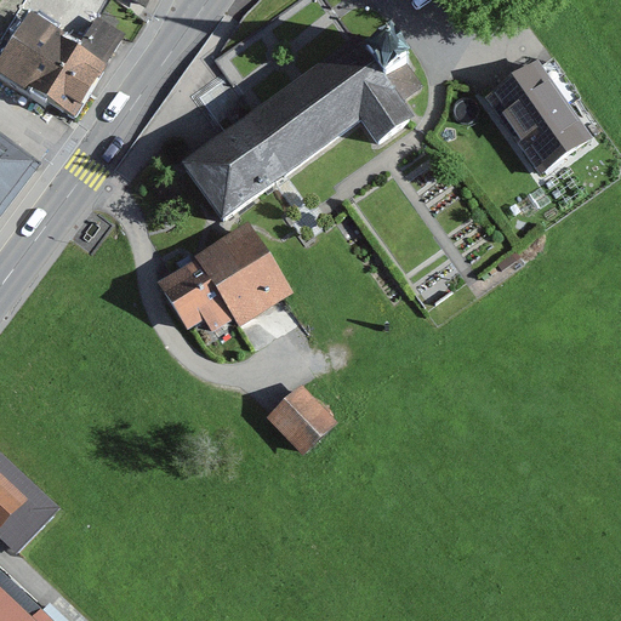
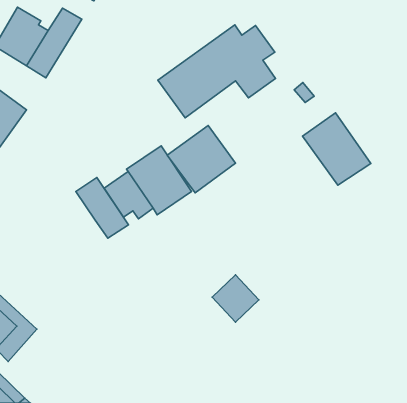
building: [485,62,588,171] -> [303,113,371,185]
building: [177,121,280,223] -> [167,126,235,193]
building: none -> [76,178,129,238]
building: [264,381,335,452] -> [212,275,259,322]

